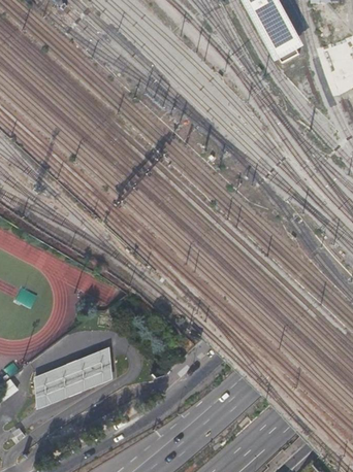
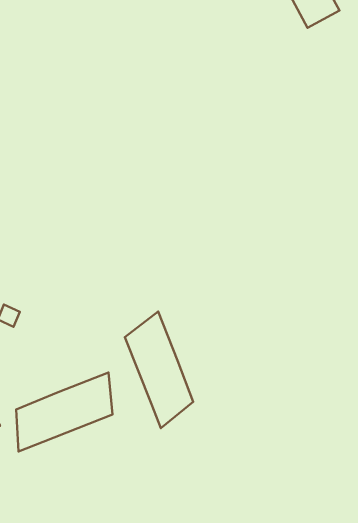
building: none -> [125,312,193,428]

